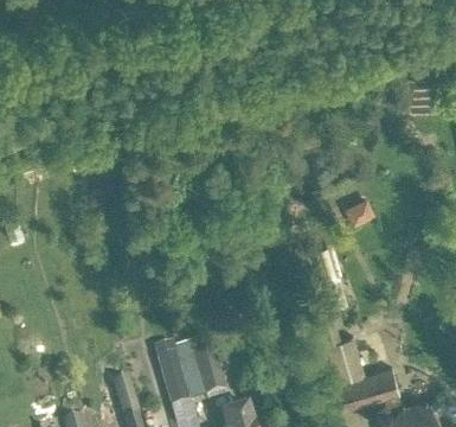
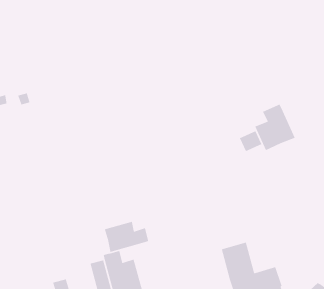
building: none -> [254,104,296,151]
building: none -> [104,221,149,253]

